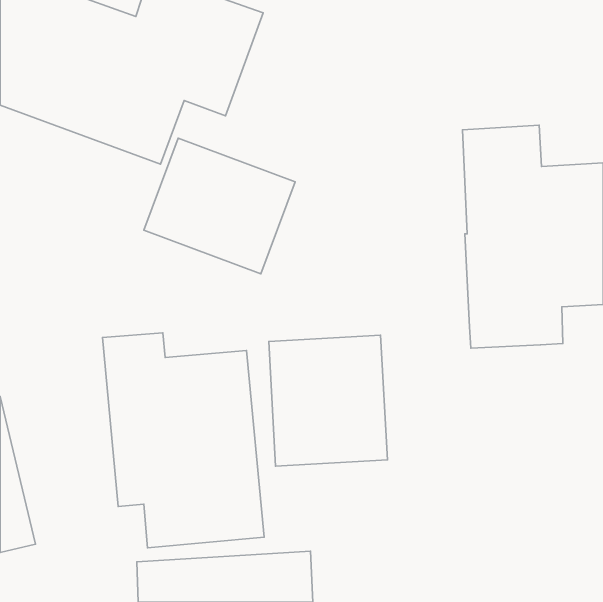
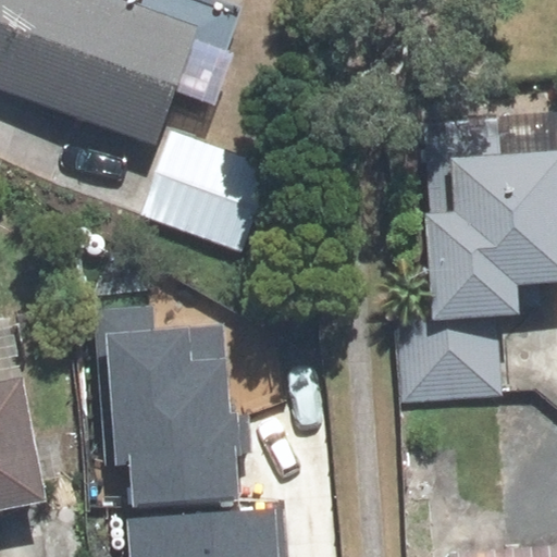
building: none -> [397,301,503,400]
building: [269,335,387,466] -> none

